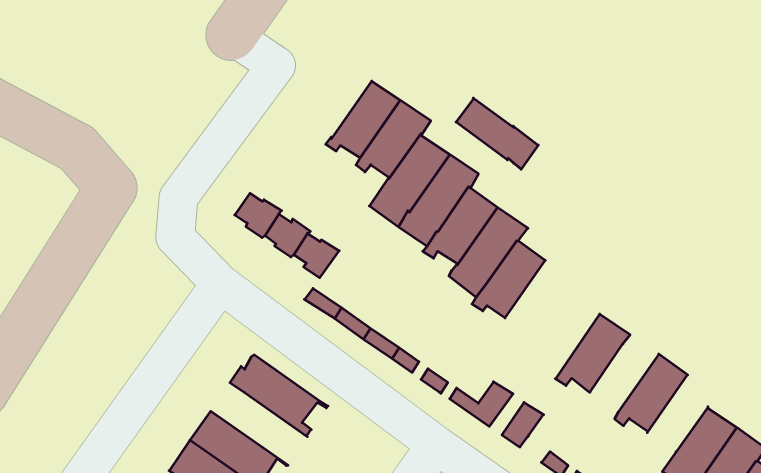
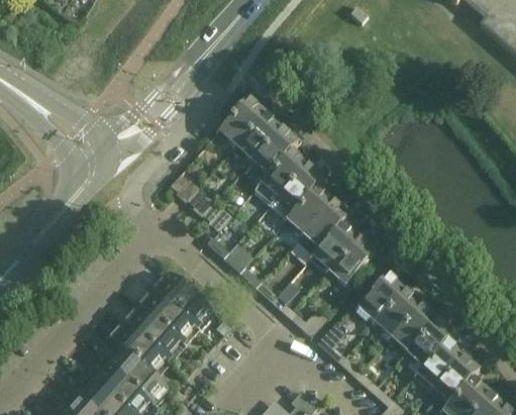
building: none -> [215,99,265,146]
building: [456,98,538,169] -> none
building: none -> [325,238,375,286]
building: none -> [371,291,420,337]
building: none -> [404,320,453,367]
building: none -> [139,289,197,344]

